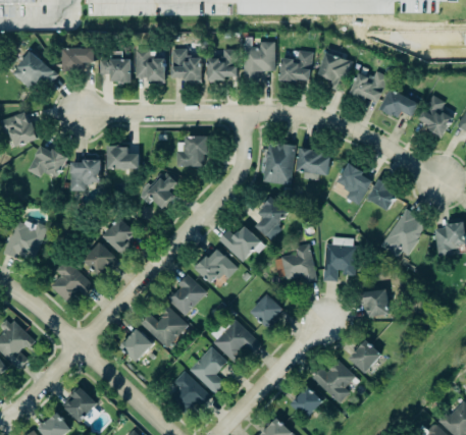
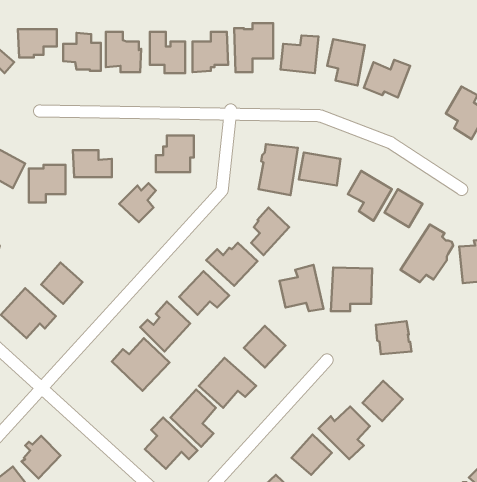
building: [380,89,419,119] -> none
building: [102,217,138,254] -> none
building: [120,327,152,360] -> none

